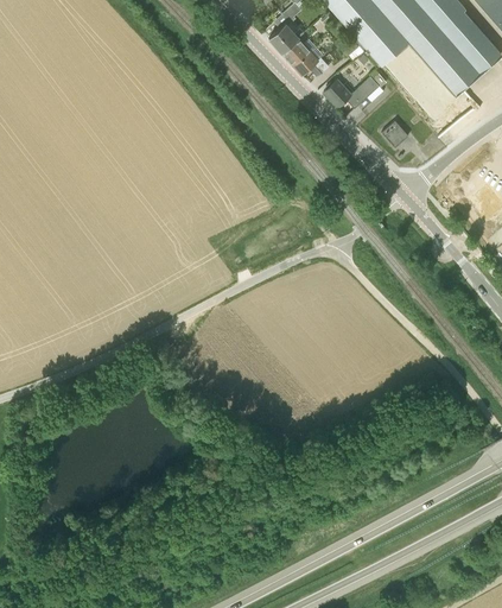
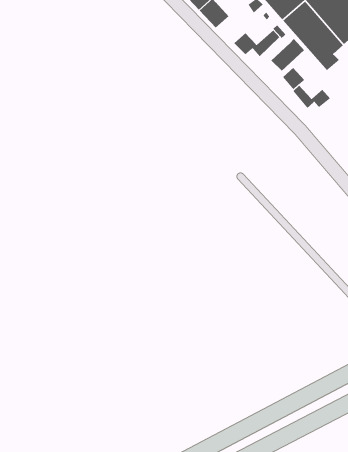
building: none -> [271,38,305,71]
building: none -> [292,85,331,109]

